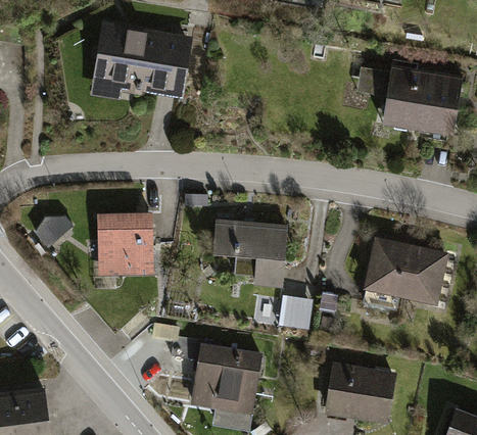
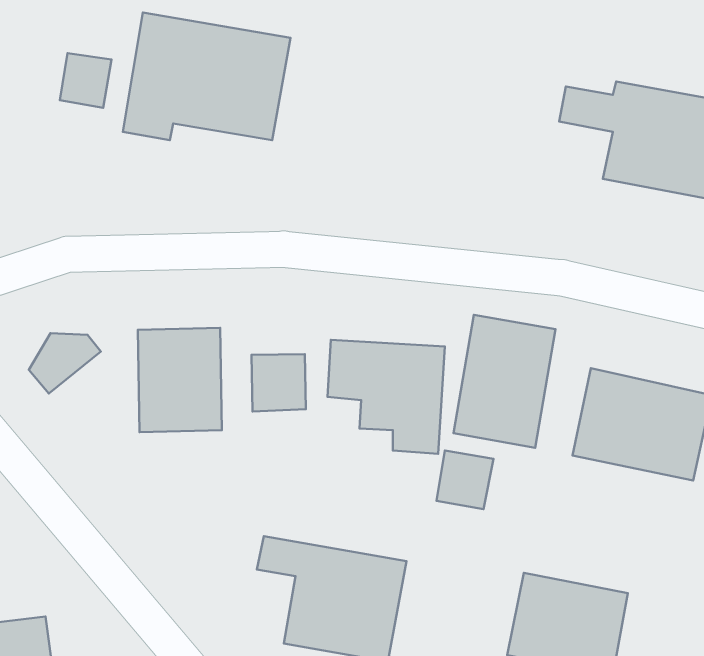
building: none -> [60,53,112,108]
building: none -> [454,315,556,448]
building: none -> [251,354,306,412]

